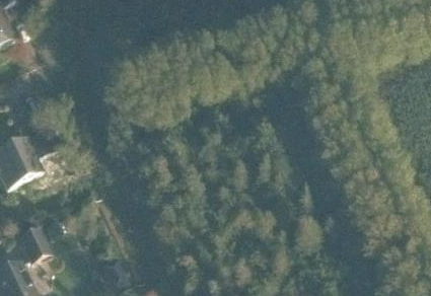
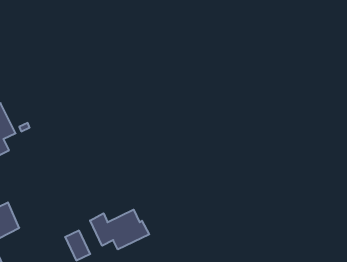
building: none -> [90,210,149,249]

